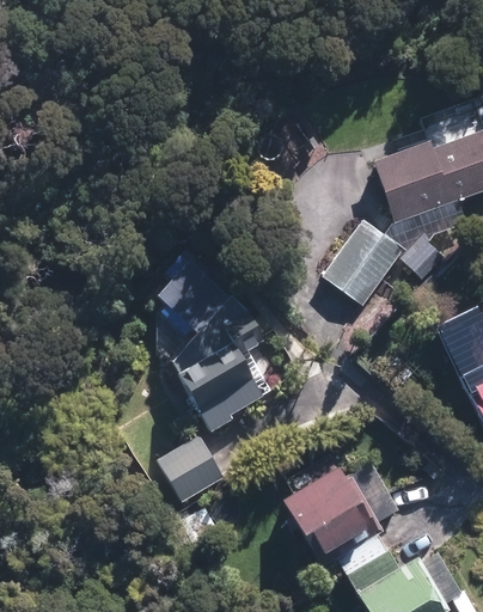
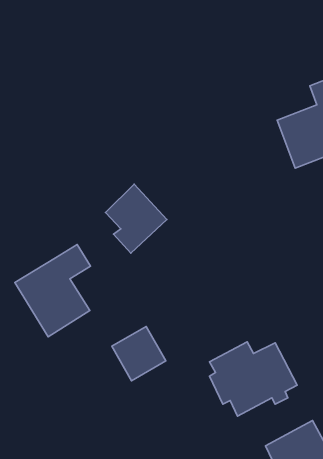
building: [319,215,409,308] -> none
building: [169,312,269,434] -> [15,244,91,337]
building: [340,532,403,592] -> none

